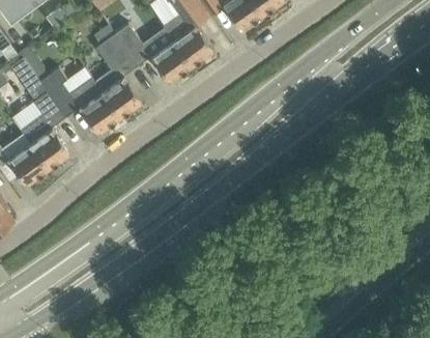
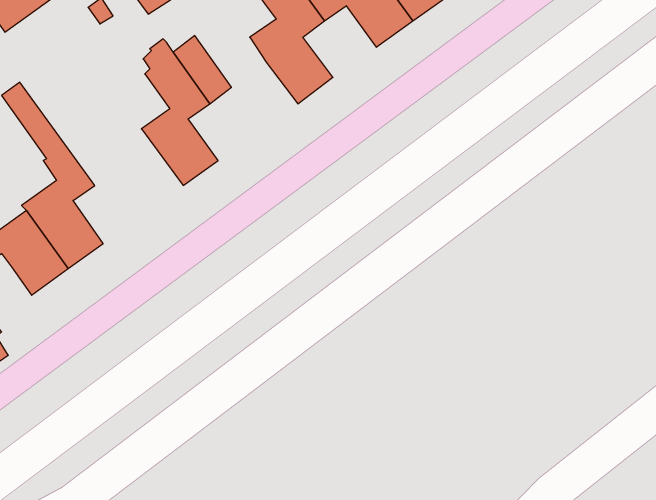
building: [150,41,192,83] -> none
building: [18,46,120,135] -> none

